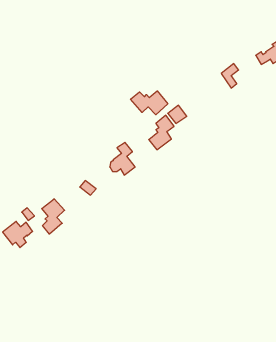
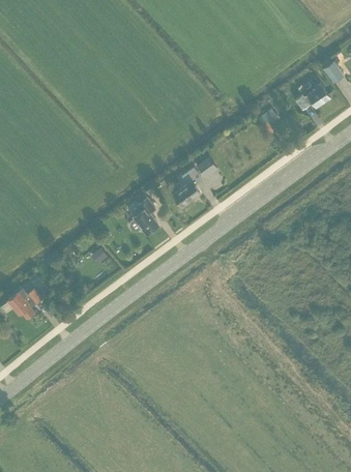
building: [131,91,168,115] -> none
building: [42,199,65,234] -> none

